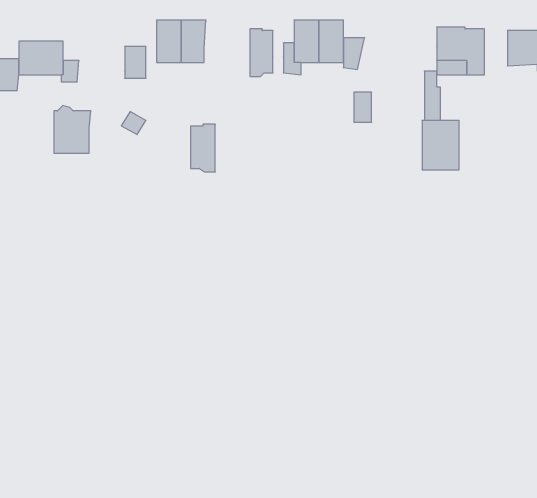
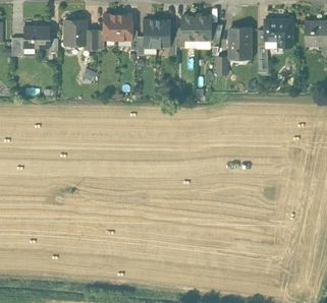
building: [54,106,91,153] -> [64,17,86,45]
building: [422,120,459,170] -> [229,28,251,57]
building: [191,124,215,172] -> [143,20,157,48]

